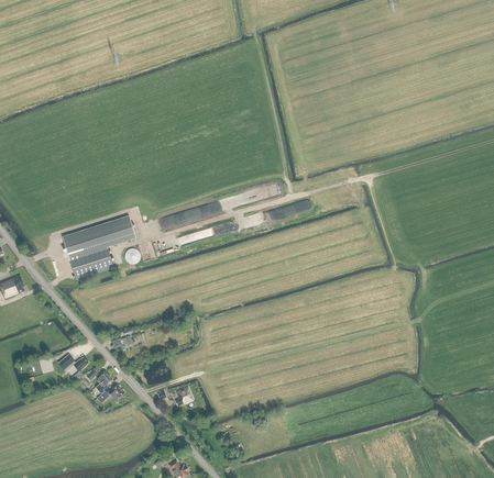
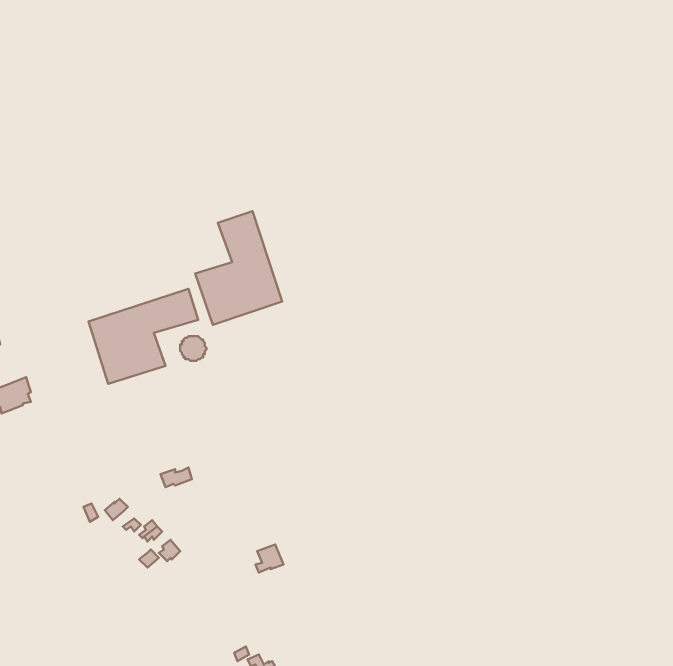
building: none -> [195,211,282,325]

